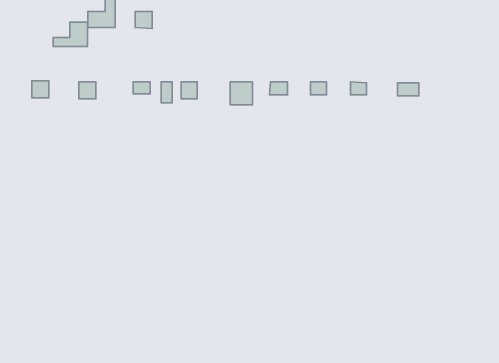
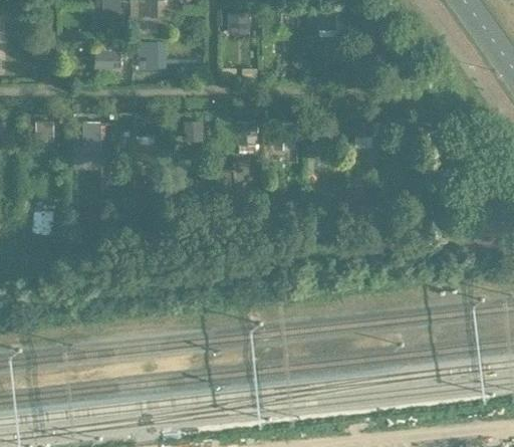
building: [53,22,87,47] -> none

